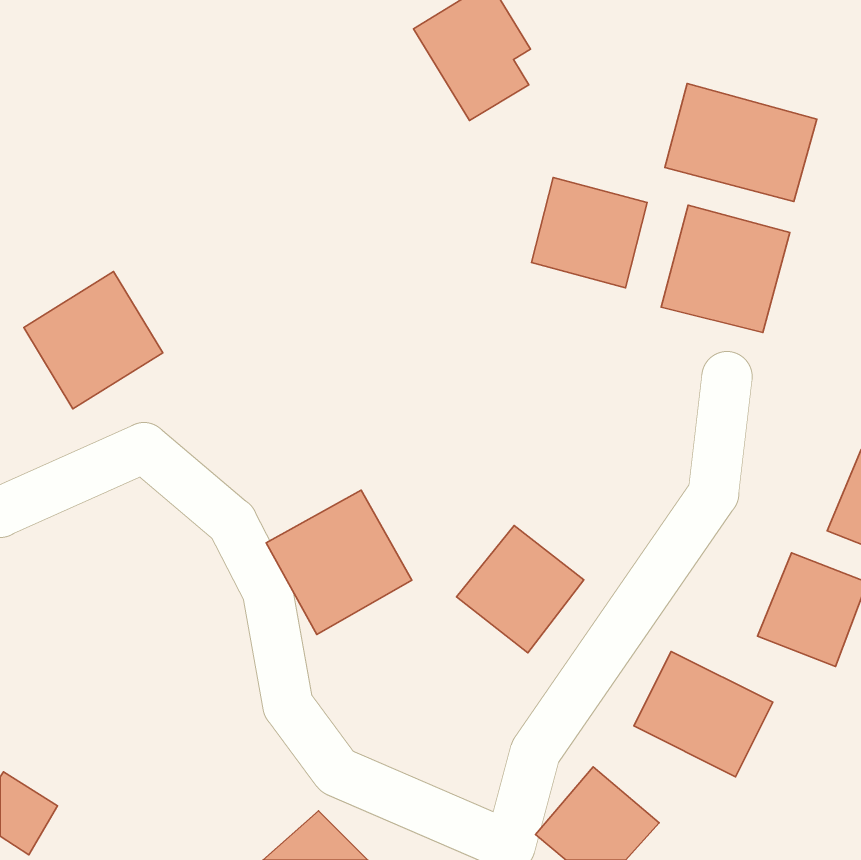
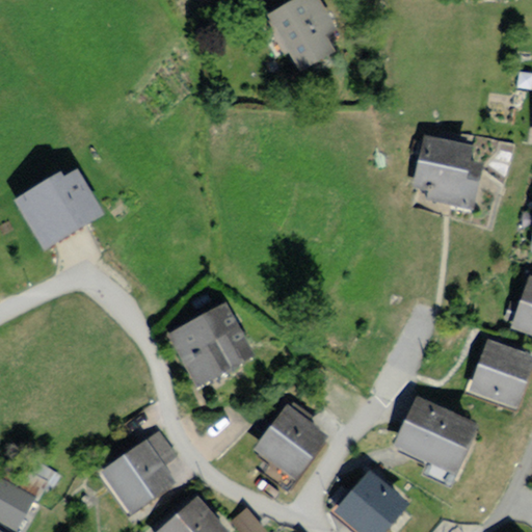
building: [665,83,817,202] -> none
building: [532,178,647,288] -> none
building: [457,526,584,653] -> [252,403,330,481]
building: none -> [99,438,178,516]

